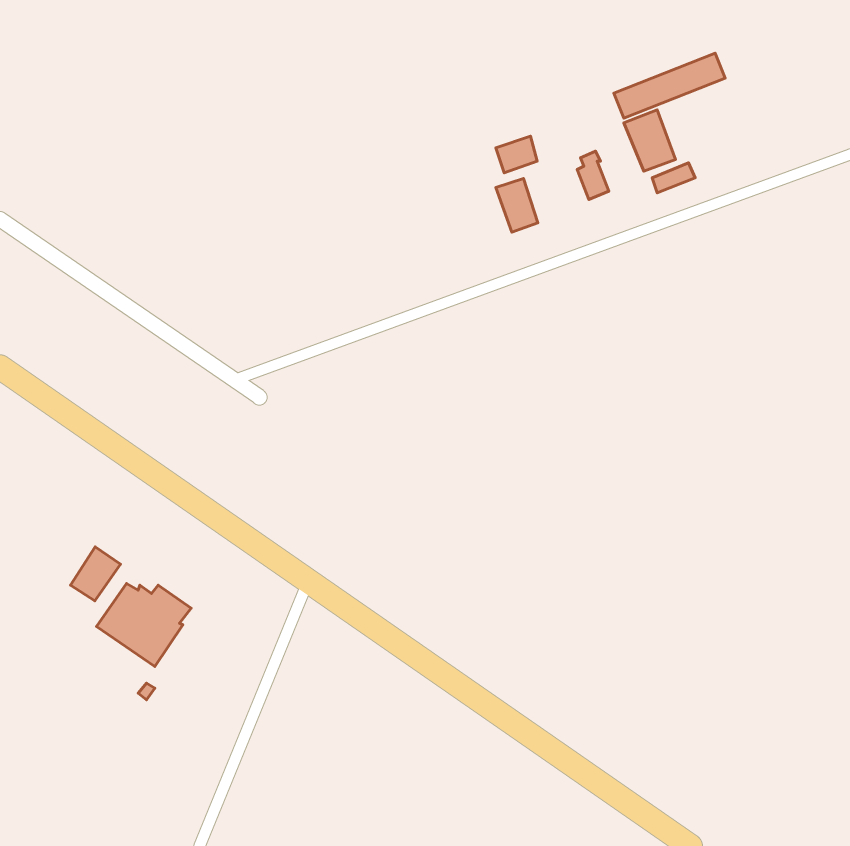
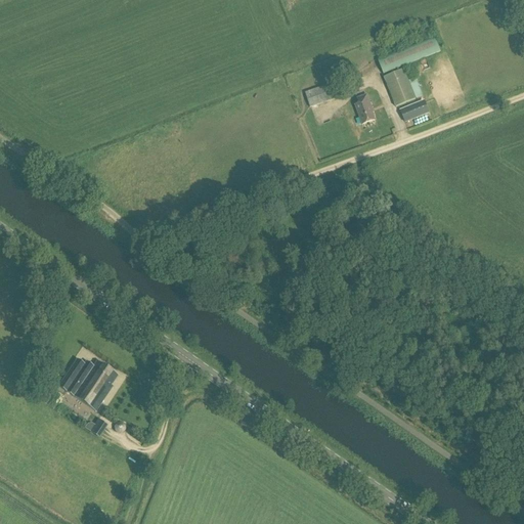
building: [496,178,538,232] -> none
building: [70,547,121,601] -> none

